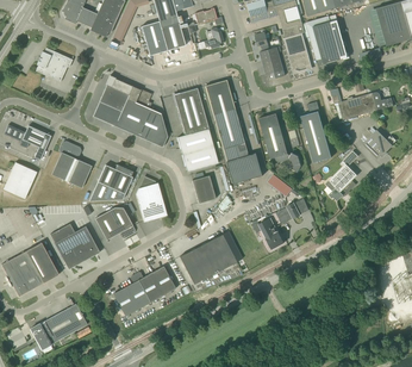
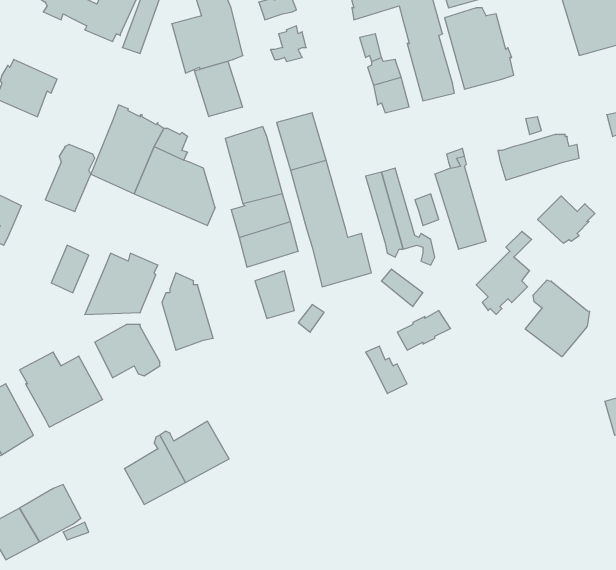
building: none -> [194,61,242,117]
building: [50,141,80,181] -> [45,144,95,212]
building: none -> [525,280,590,357]
building: [179,230,242,284] -> none

